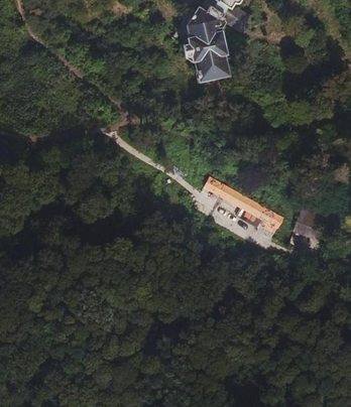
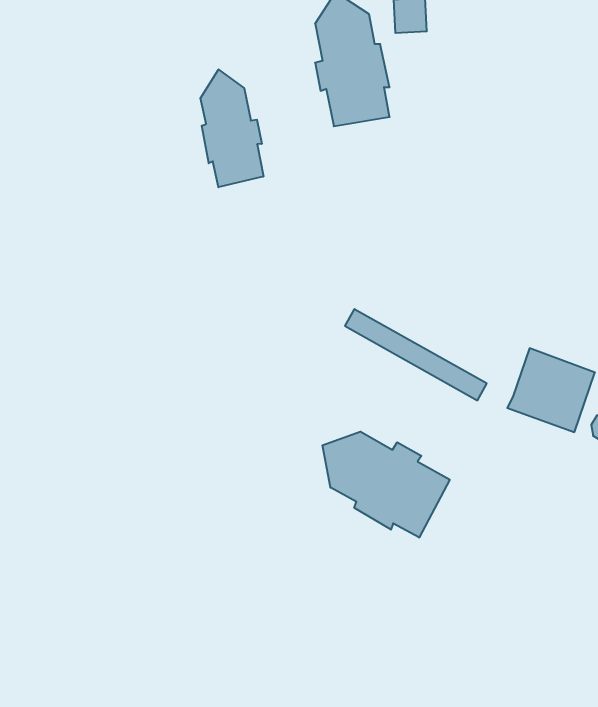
building: none -> [201,69,263,187]
building: none -> [322,432,450,538]

